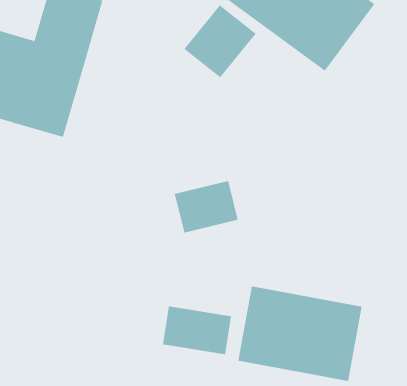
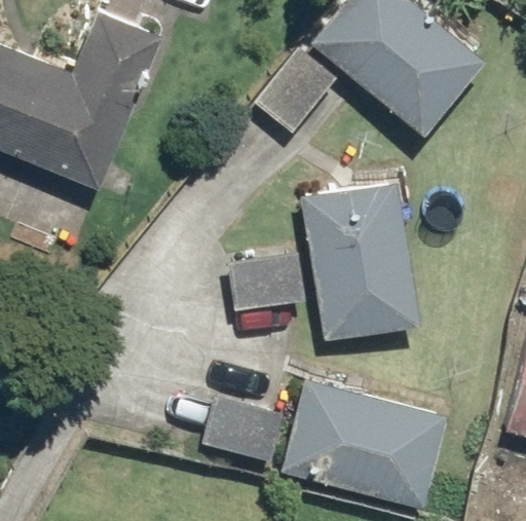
building: none -> [301,182,420,337]

